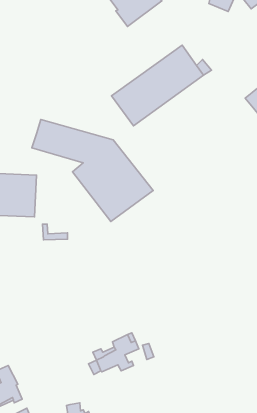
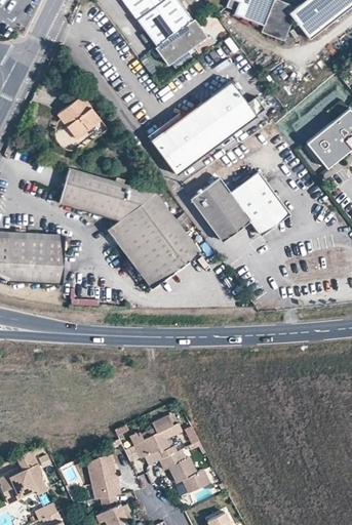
building: none -> [60,97,101,139]
building: none -> [190,172,286,241]
building: none -> [158,450,208,493]
building: none -> [85,455,118,498]

